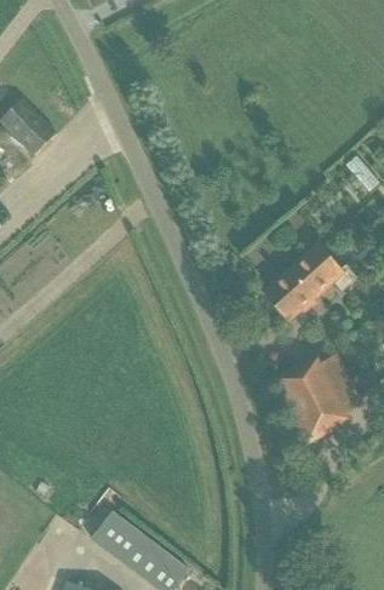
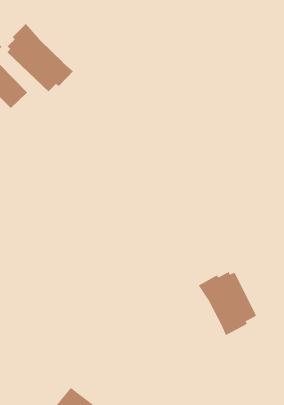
building: none -> [7,23,74,92]
building: [266,247,356,317] -> none

